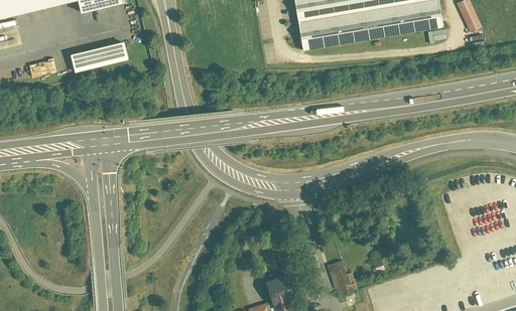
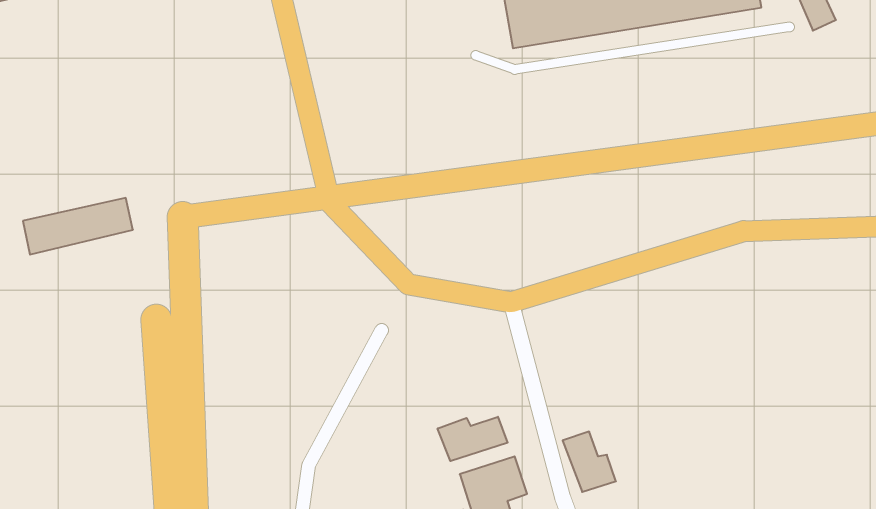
building: [69,40,131,72] -> [23,198,133,255]
building: none -> [438,417,508,461]

